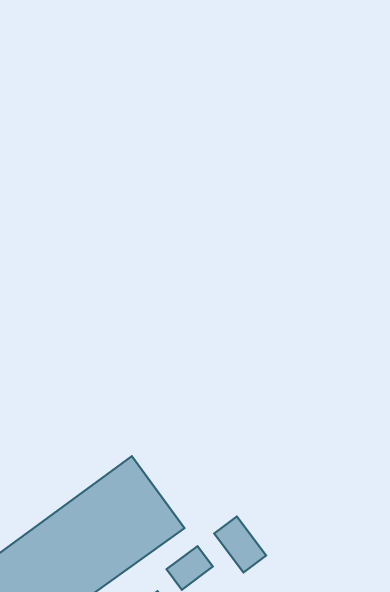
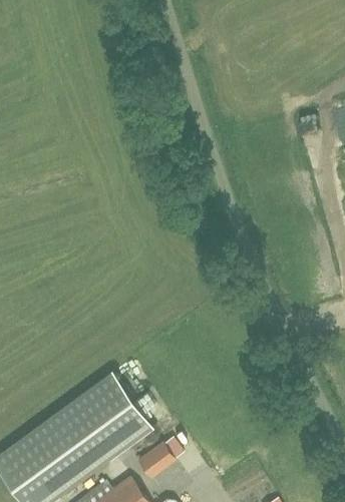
building: [214,517,266,573] -> none

